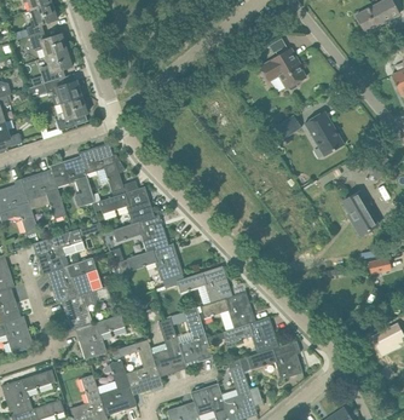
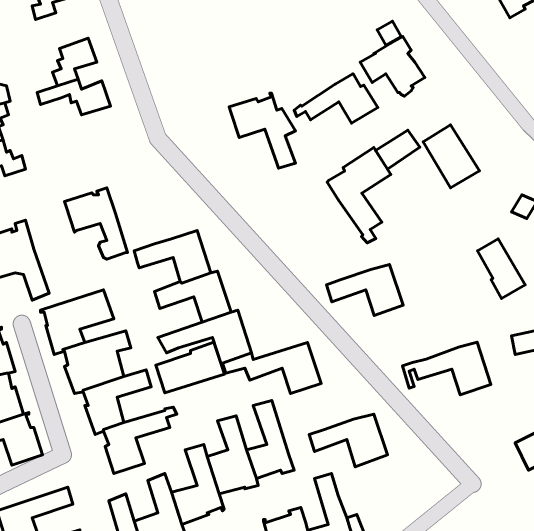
building: [29,31,67,57] -> none
building: none -> [294,74,378,123]
building: [57,98,87,131] -> none
building: none -> [327,147,391,243]
building: [79,143,126,196] -> [229,93,295,168]
building: [22,169,67,219] -> none
building: none -> [156,342,225,393]
building: [201,292,255,328] -> [327,264,403,315]
building: [239,343,302,380] -> [402,342,491,395]

